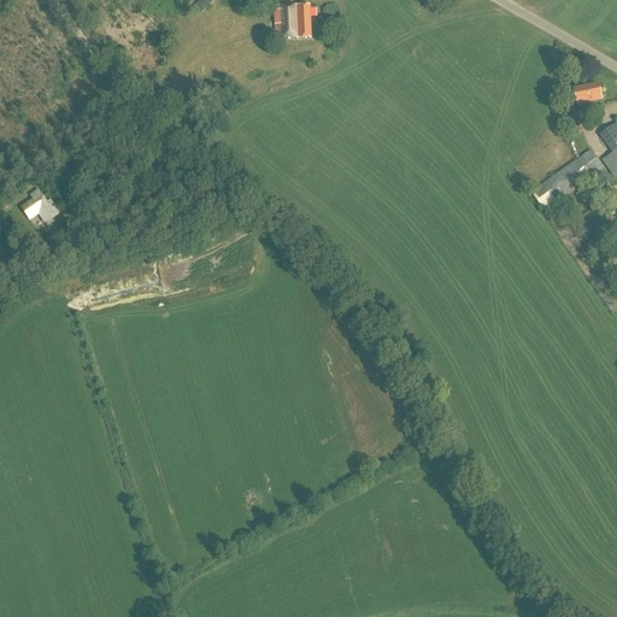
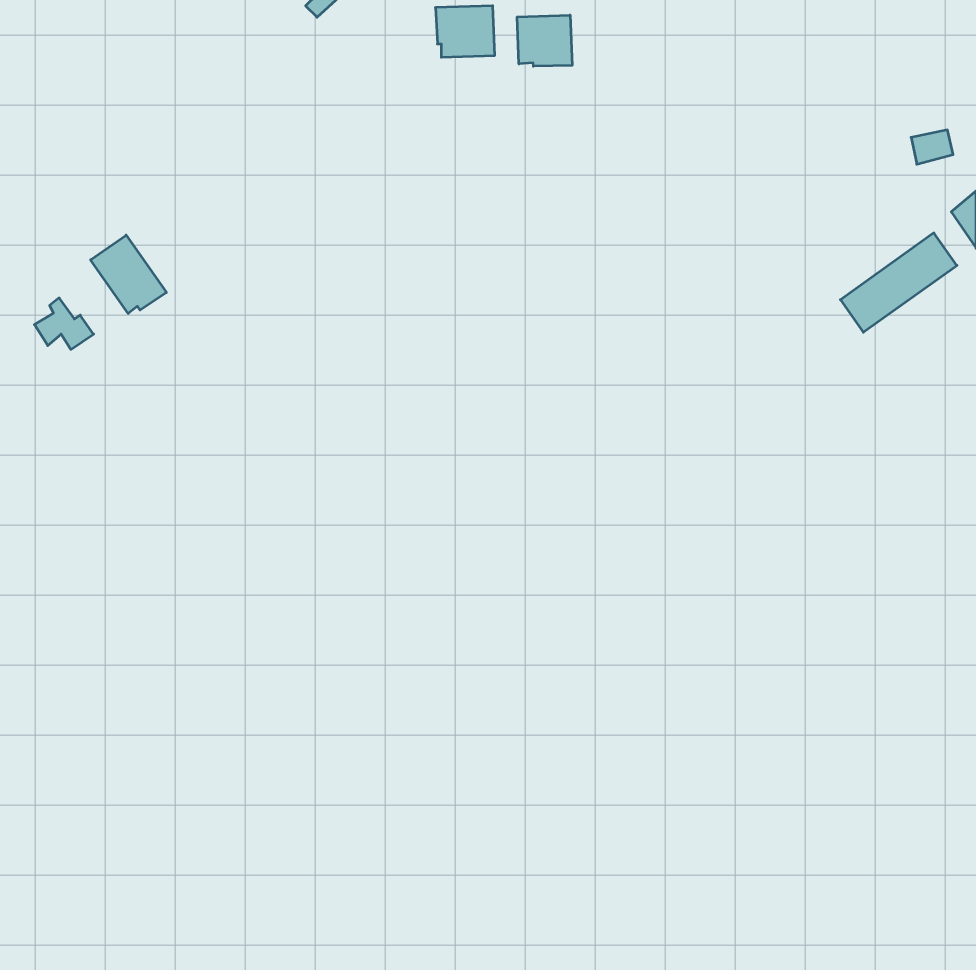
building: none -> [517,15,572,66]
building: none -> [91,235,166,313]

